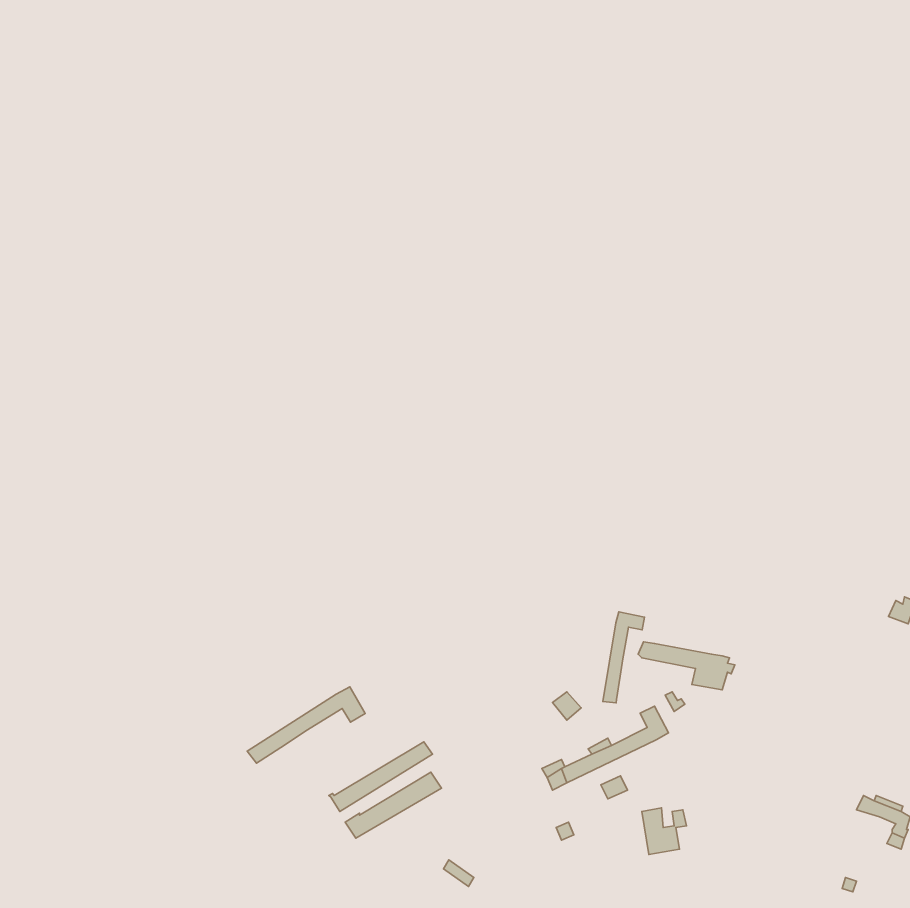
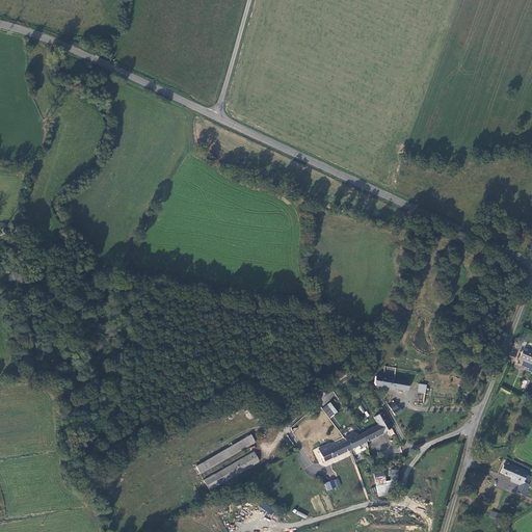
building: [603,612,645,703] -> none
building: [247,687,365,763] -> none

